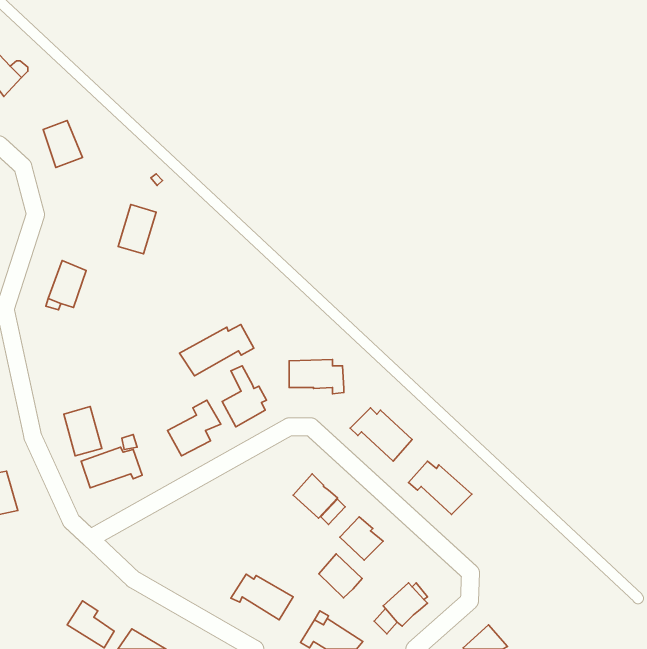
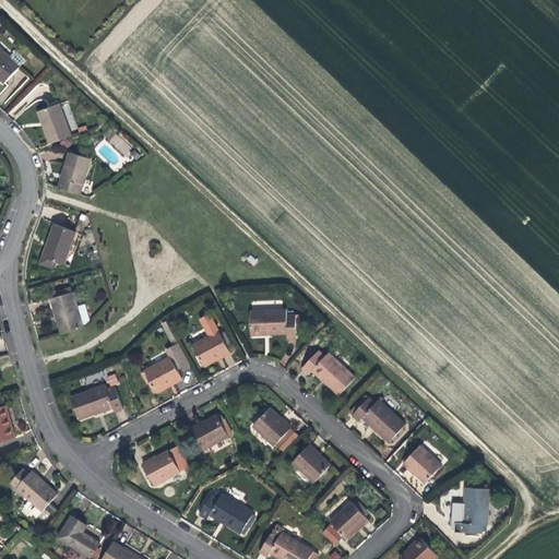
building: [118,204,156,254] -> [58,152,91,194]
building: [180,324,254,376] -> none
building: [64,406,102,456] -> [50,292,83,334]
building: none -> [190,415,228,450]
building: none -> [143,444,189,485]
building: none -> [404,445,441,483]
building: none -> [10,468,57,512]
building: [319,554,362,598] -> none
building: none -> [450,487,488,533]

